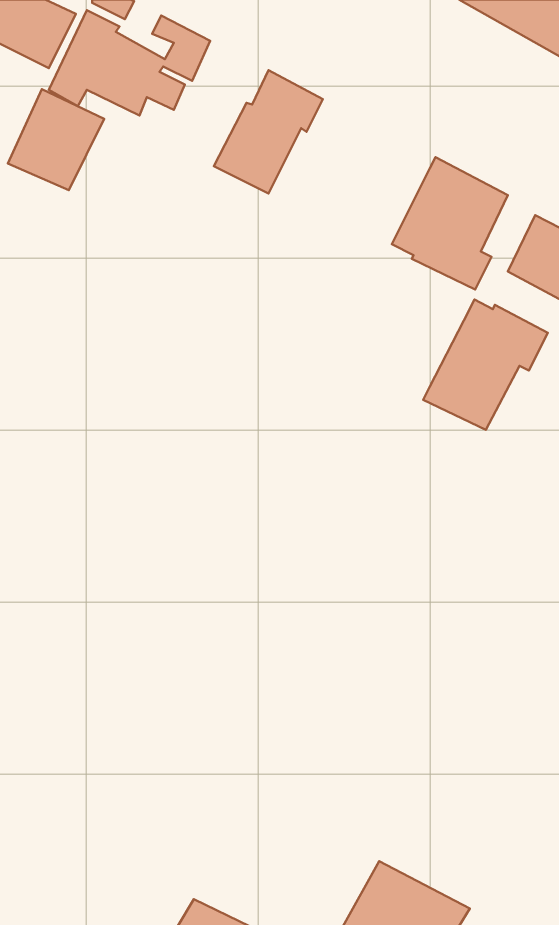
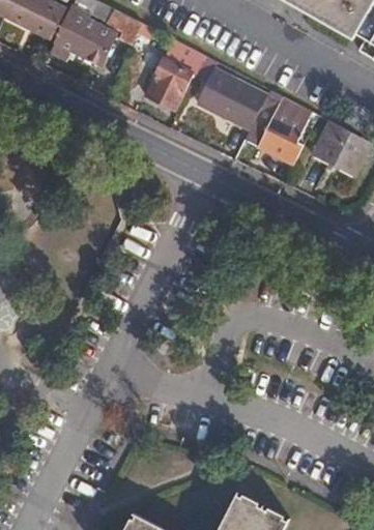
building: [8,89,104,190] -> none
building: none -> [195,57,266,129]
building: [423,300,548,430] -> none

